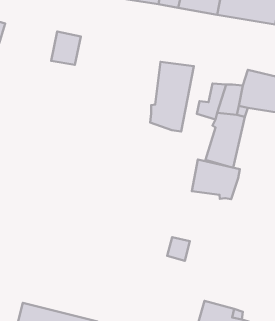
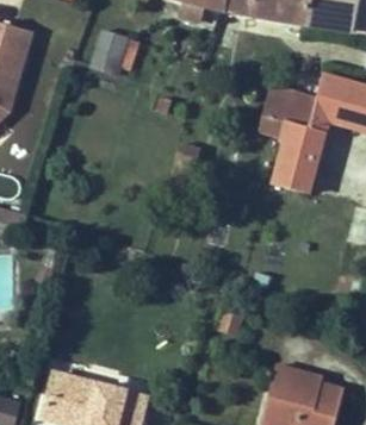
building: [150,62,194,132] -> none
building: [192,160,240,199] -> none

